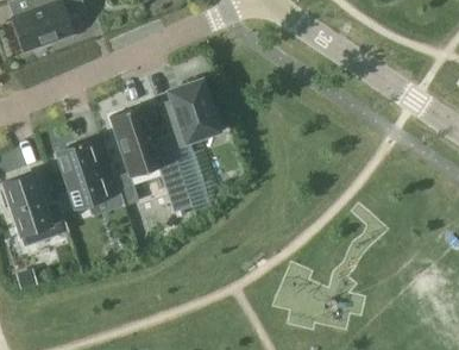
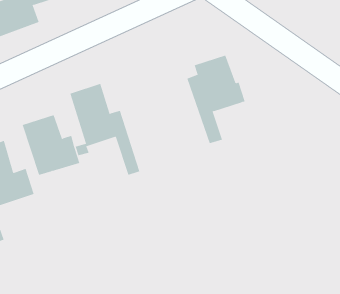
building: [158,77,226,180] -> [186,55,246,144]

